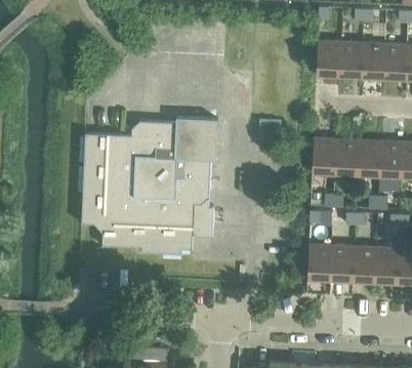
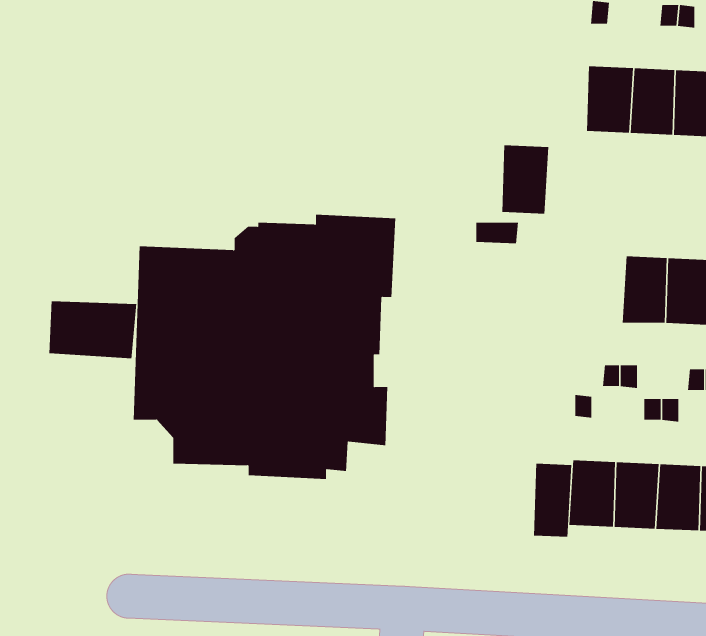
building: [312,137,336,173] -> [502,145,549,214]
building: none -> [49,301,137,359]
building: none -> [534,463,572,537]

